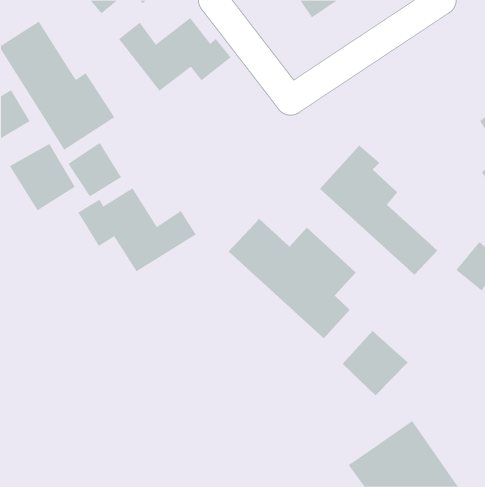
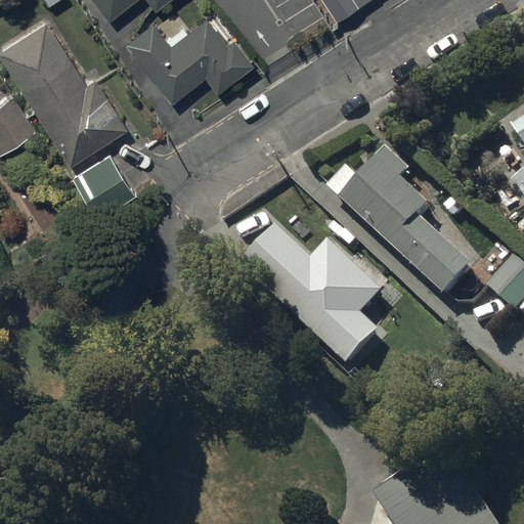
building: [9,143,76,211] -> none
building: [77,187,196,272] -> none
building: [342,330,408,396] -> none

